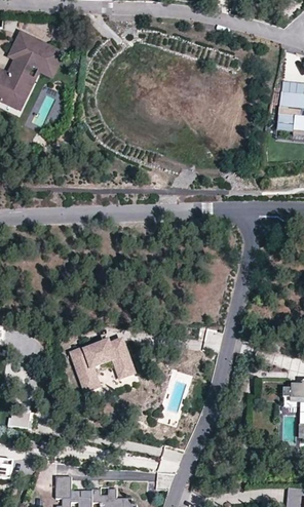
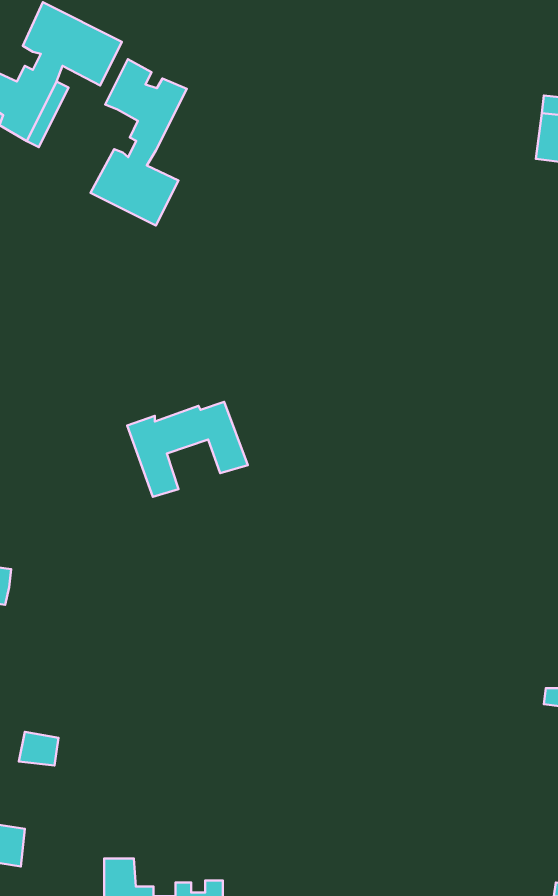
building: none -> [91,59,187,226]
building: [72,341,135,390] -> [127,402,248,497]

